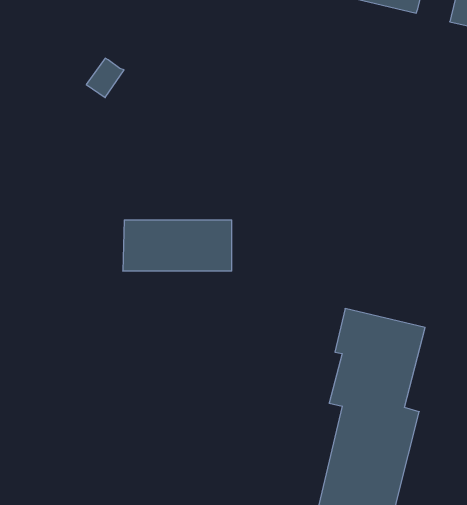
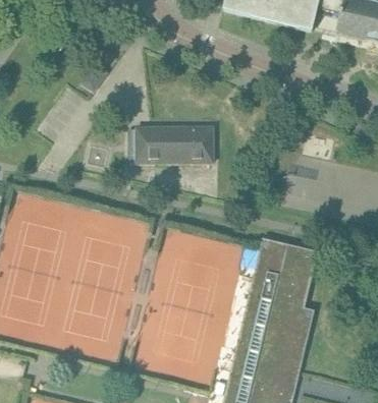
building: [123,220,232,271] -> [136,125,212,161]

